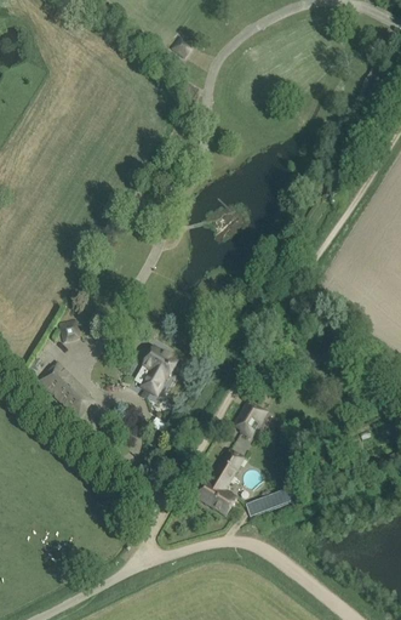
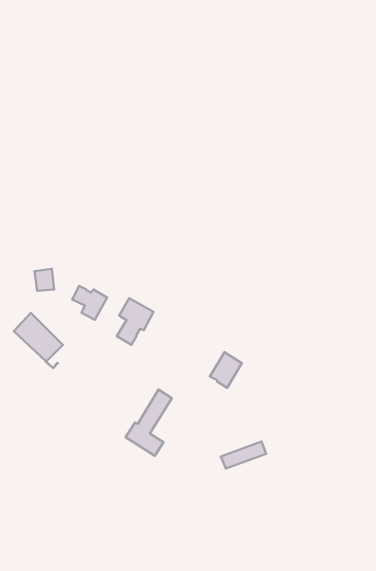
building: none -> [72,286,107,320]
building: [196,450,242,516] -> [125,390,172,456]

